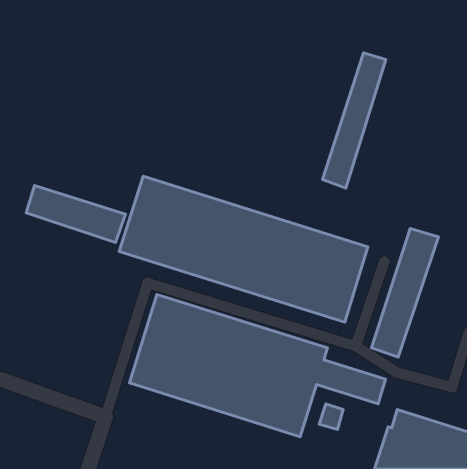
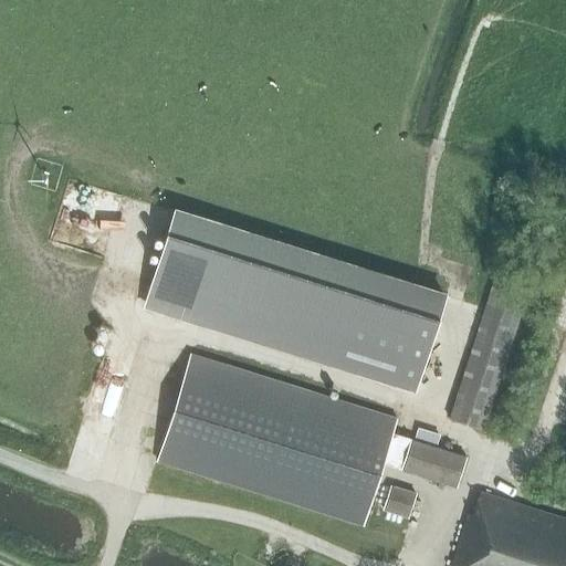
building: [322,53,386,188] -> none
building: [26,186,125,242] -> none

